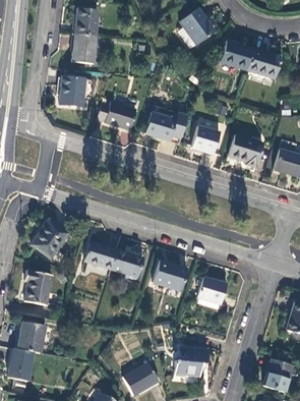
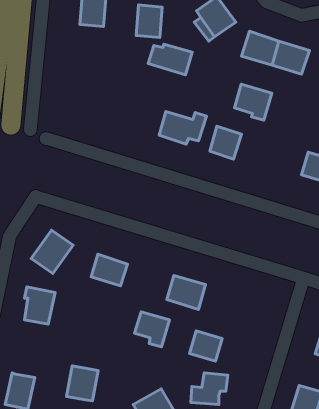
building: [72,34,96,63] -> [136,5,162,38]
building: [60,76,93,106] -> none
building: [97,102,136,129] -> [148,44,192,75]
building: [229,134,262,167] -> [234,84,272,120]
building: [111,249,142,281] -> [134,312,170,347]
building: [197,276,227,303] -> [189,331,222,361]
building: [16,321,45,352] -> [66,366,98,401]

